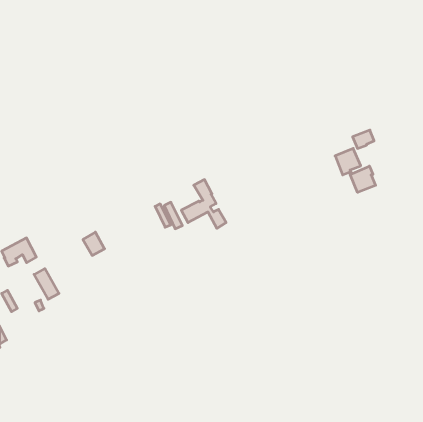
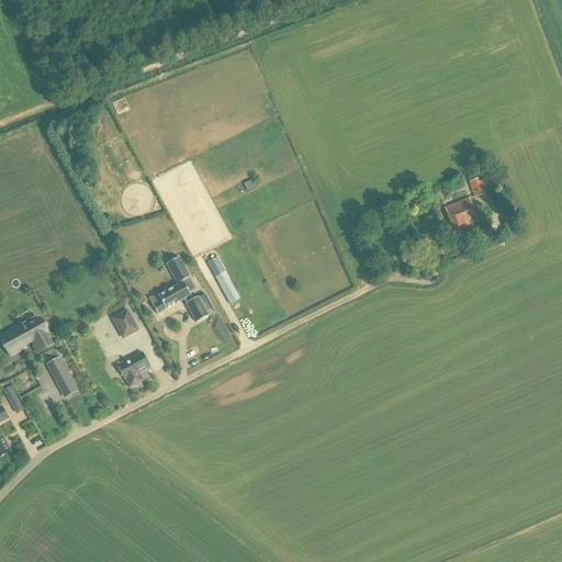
building: [350,166,376,192] -> none
building: [181,180,226,228] -> [148,256,207,321]
building: none -> [116,351,148,386]

